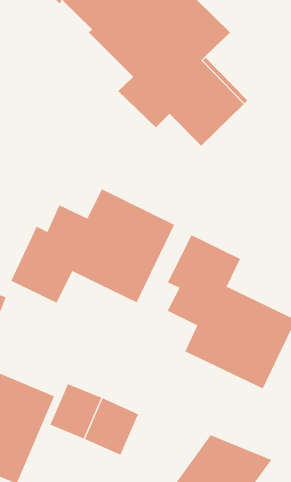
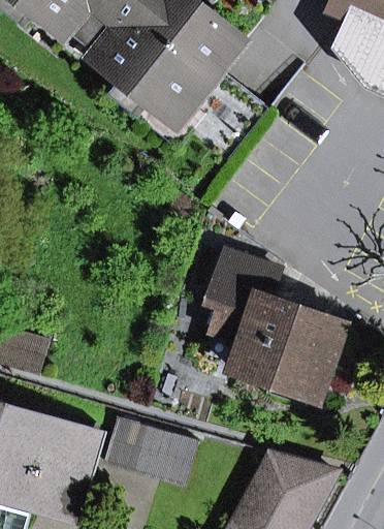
building: [10,188,175,304] -> none

